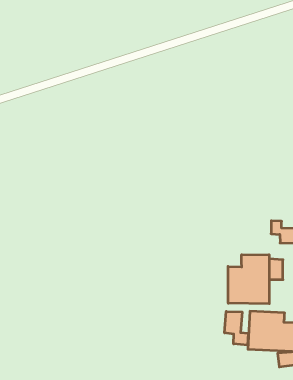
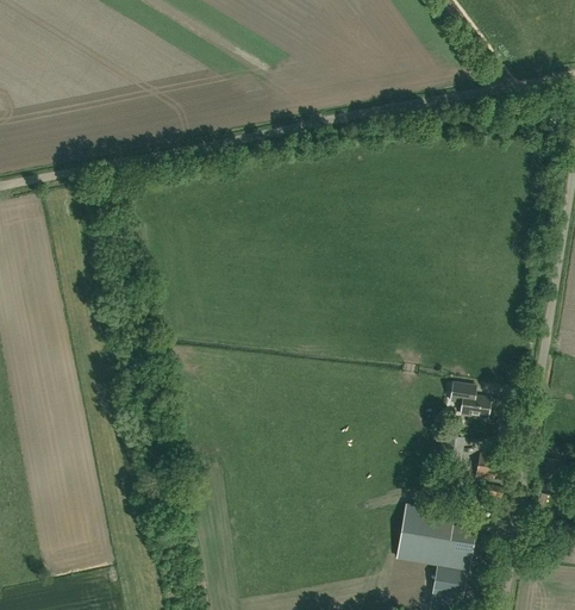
building: [228,255,269,304] -> none
building: [225,311,248,345] -> none

